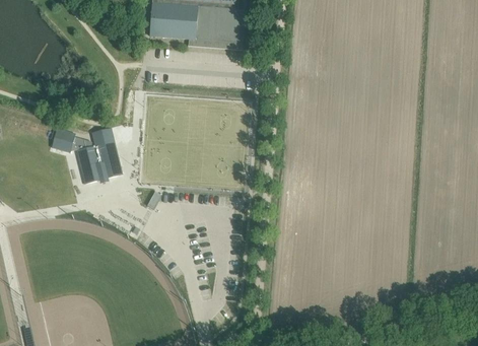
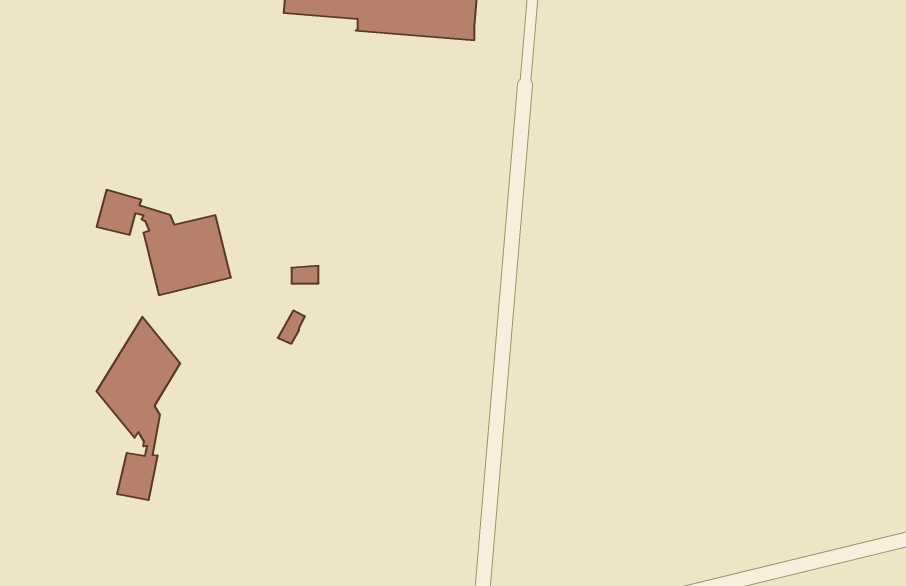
building: none -> [97,317,180,500]

